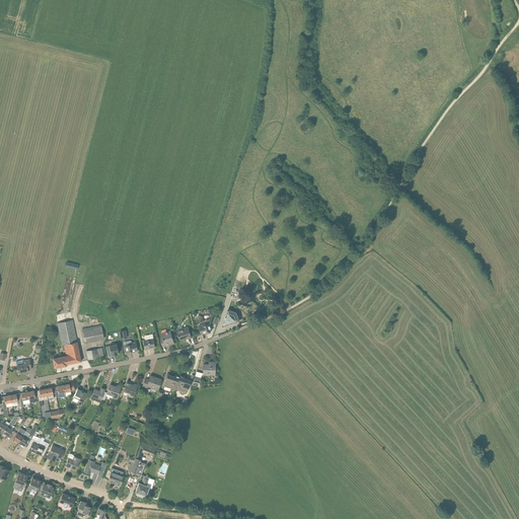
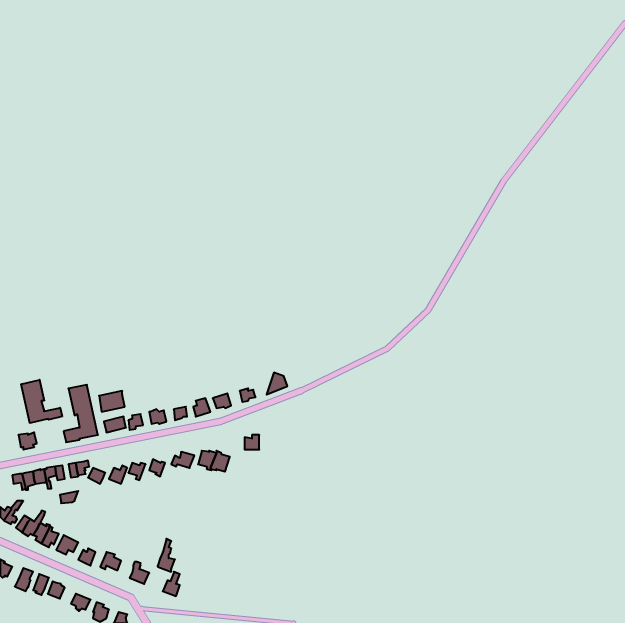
building: none -> [21,380,62,423]

